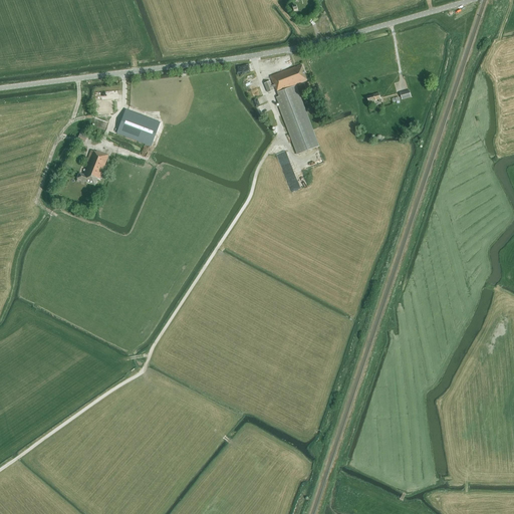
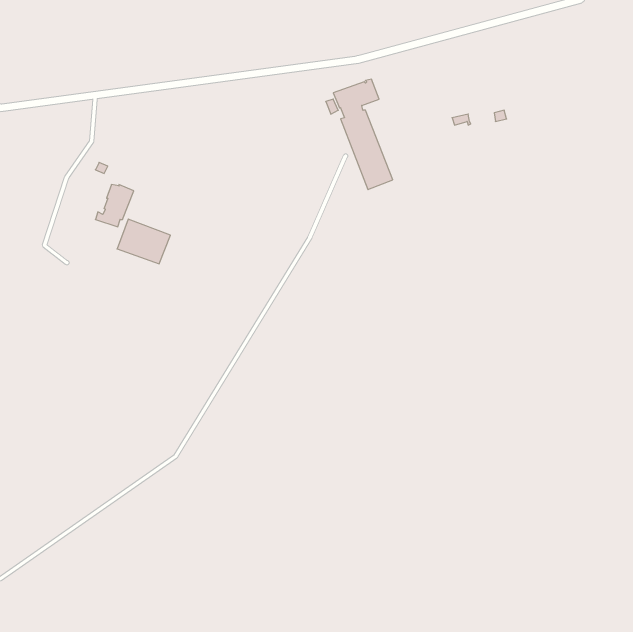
building: [116,108,160,145] -> [117,219,170,264]

